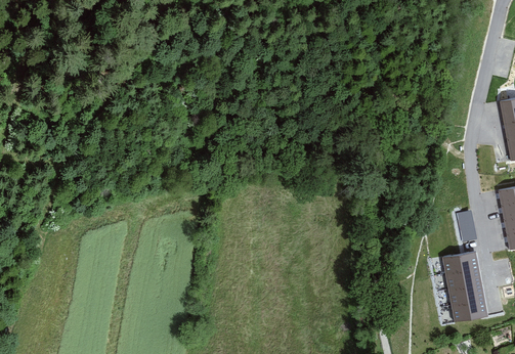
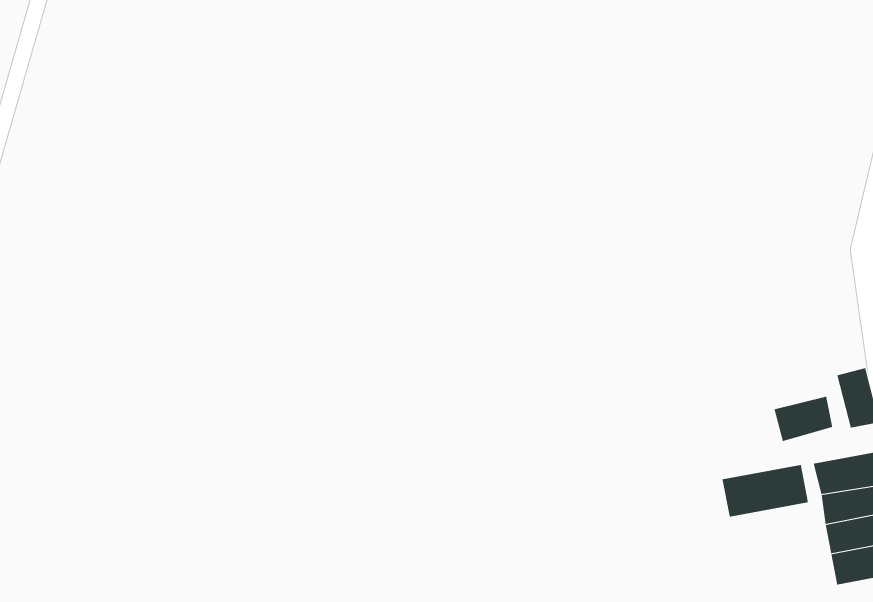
building: none -> [774,396,833,442]
building: none -> [722,464,809,518]

